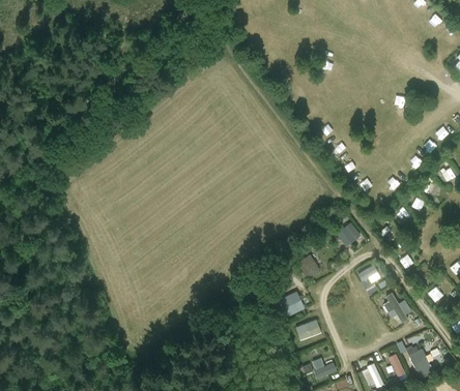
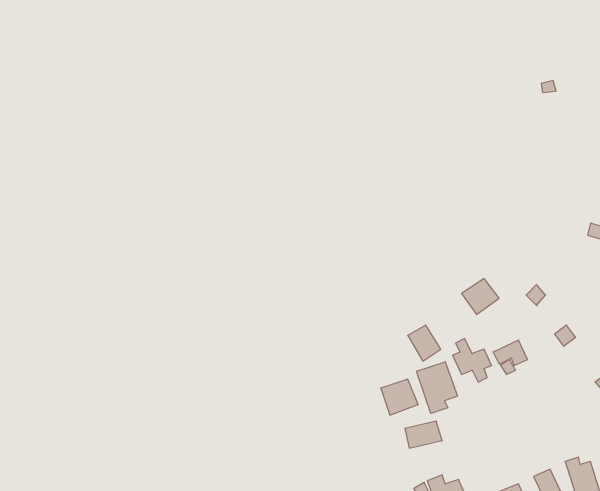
building: none -> [417,362,457,413]
building: [383,293,410,323] -> [453,339,492,382]

